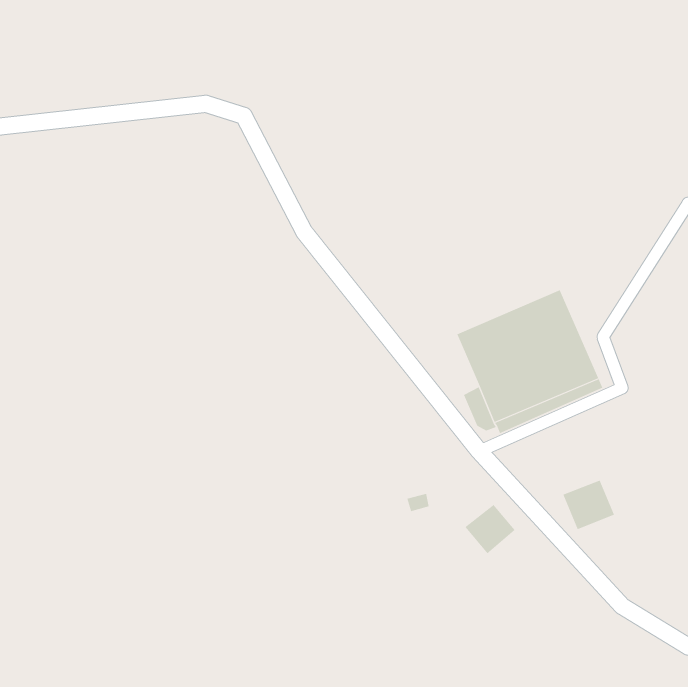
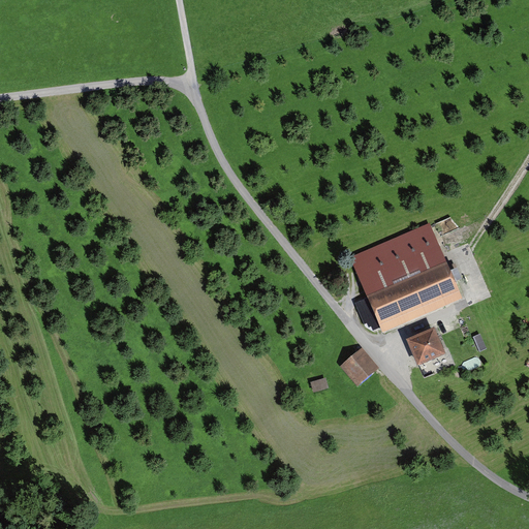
building: [562,480,615,530] -> [406,326,446,365]
building: [464,504,515,554] -> [340,347,379,385]

